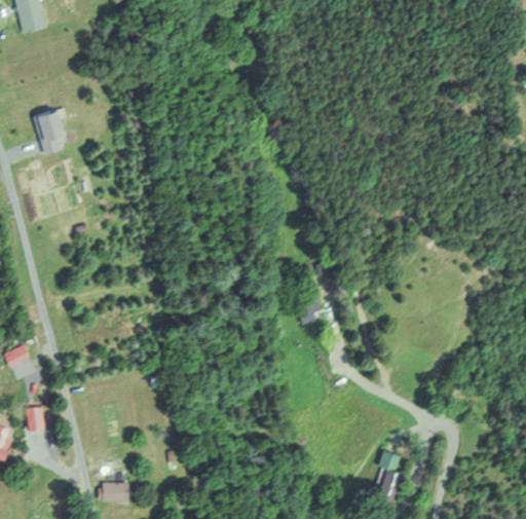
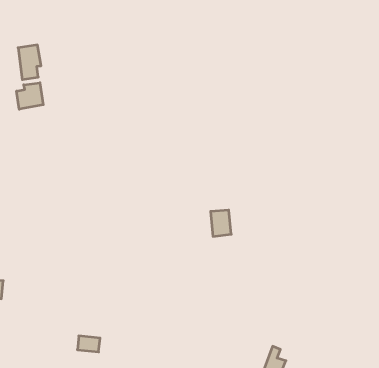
building: none -> [17,83,43,109]
building: [101,484,127,502] -> [77,336,100,352]

